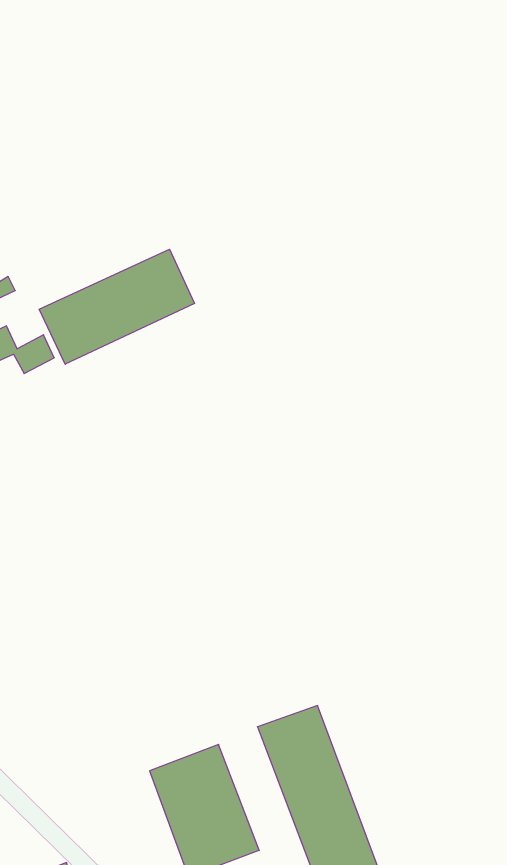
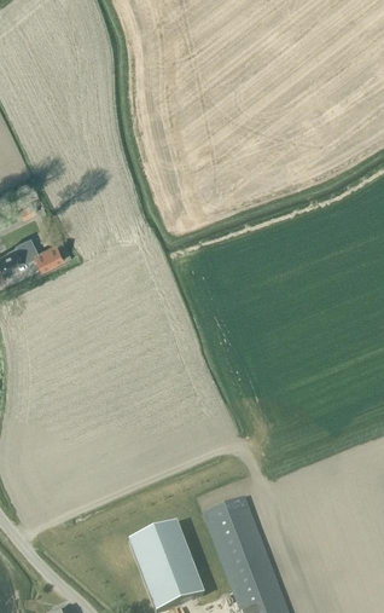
building: [39,249,194,364] -> none

